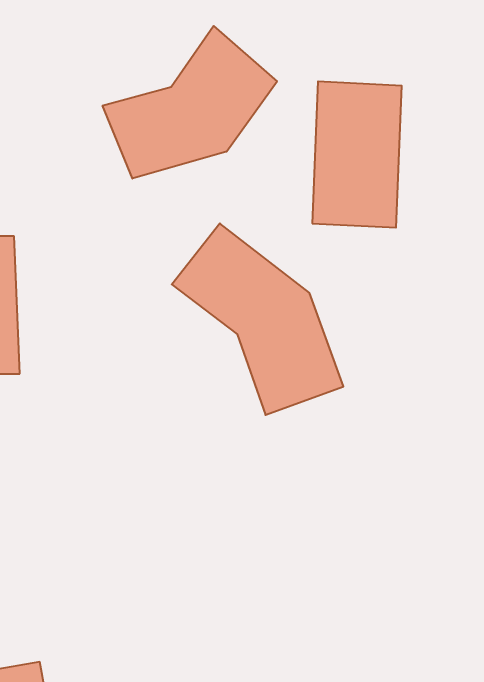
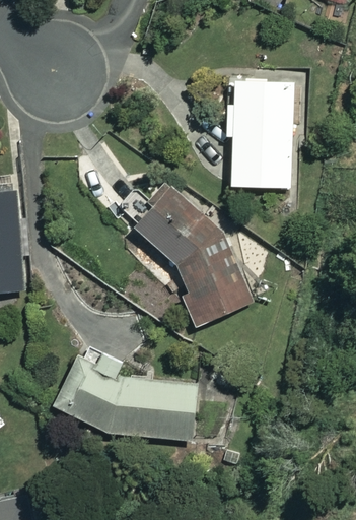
building: [103,26,277,179] -> none
building: none -> [53,354,200,443]

